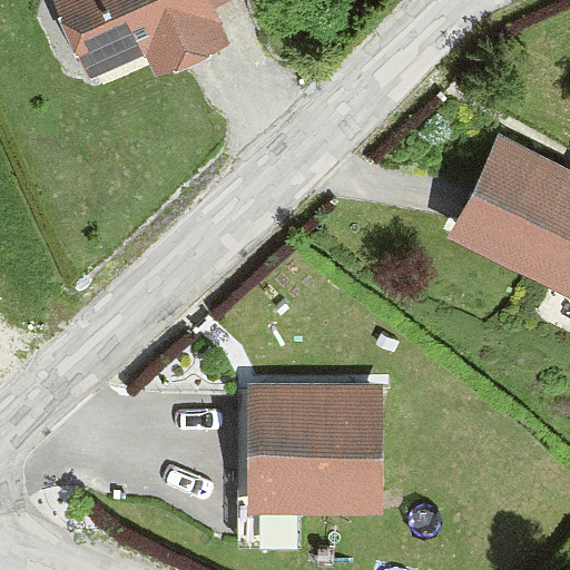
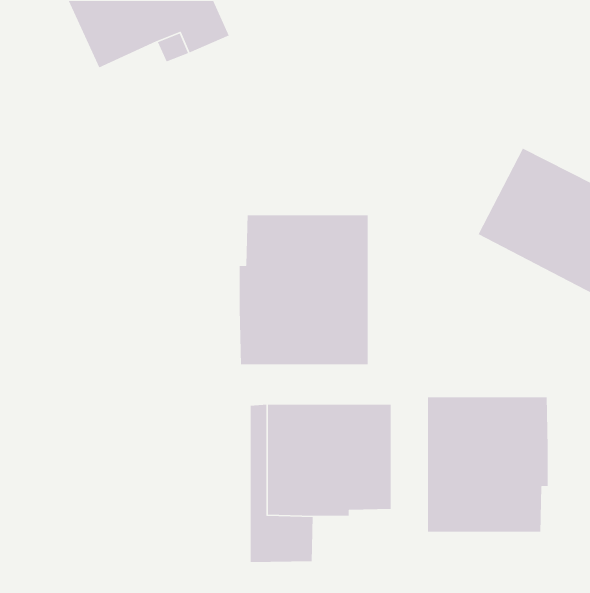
building: none -> [239,215,368,365]
building: none -> [427,397,549,533]

